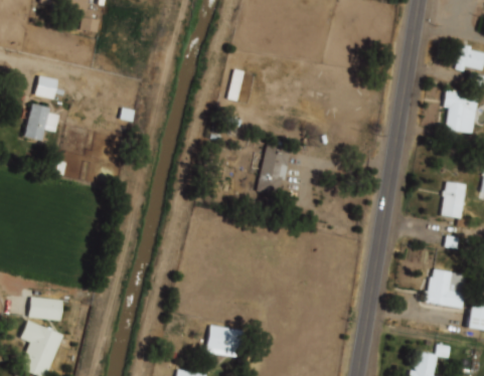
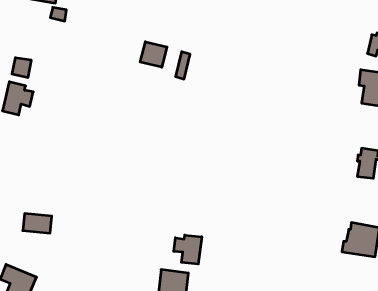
building: none -> [140,42,167,67]
building: [256,141,293,198] -> none
building: none -> [174,235,202,264]
building: [28,297,62,320] -> [23,214,52,233]

